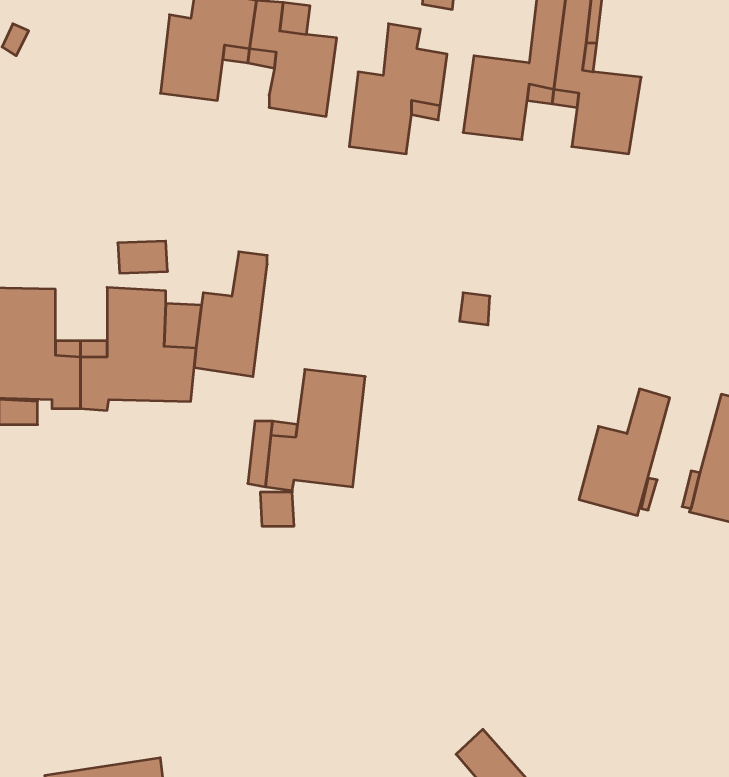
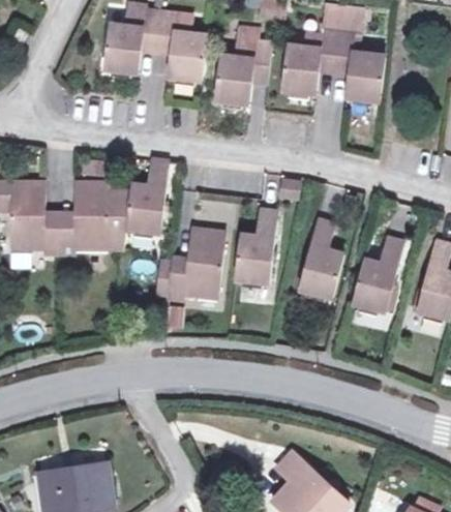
building: none -> [232,212,276,284]
building: none -> [296,222,340,300]

